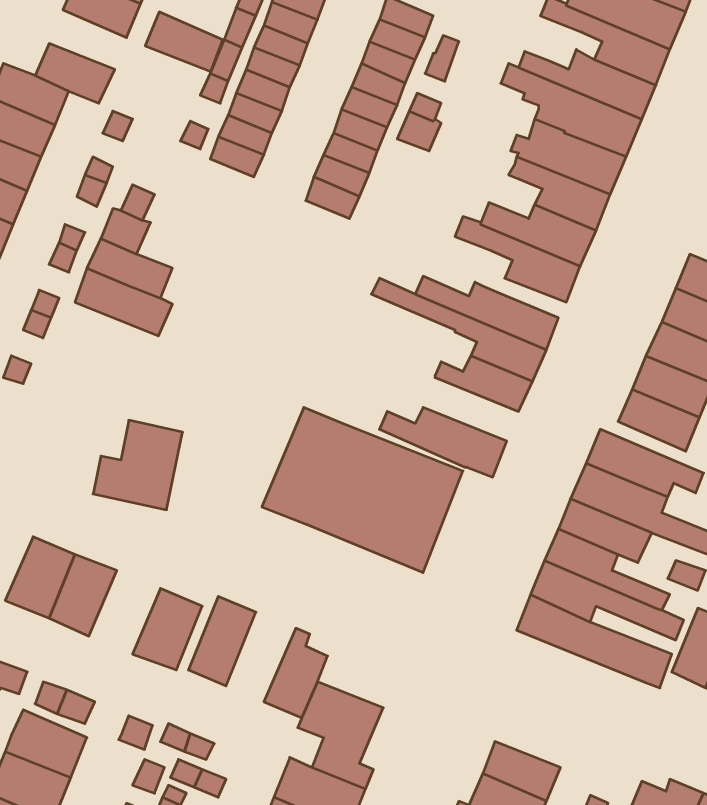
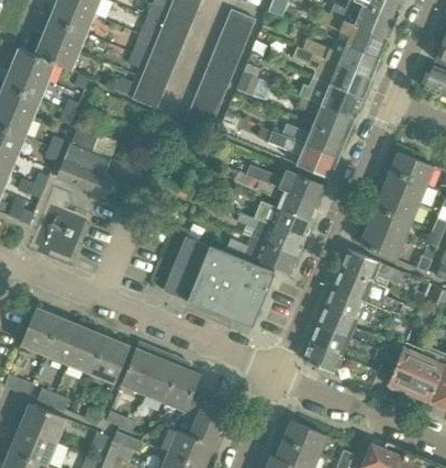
building: [145,12,223,72] -> [44,16,87,49]
building: none -> [236,212,303,255]
building: [93,420,183,510] -> [36,207,86,256]
building: none -> [66,326,105,372]
building: none -> [142,349,180,399]

